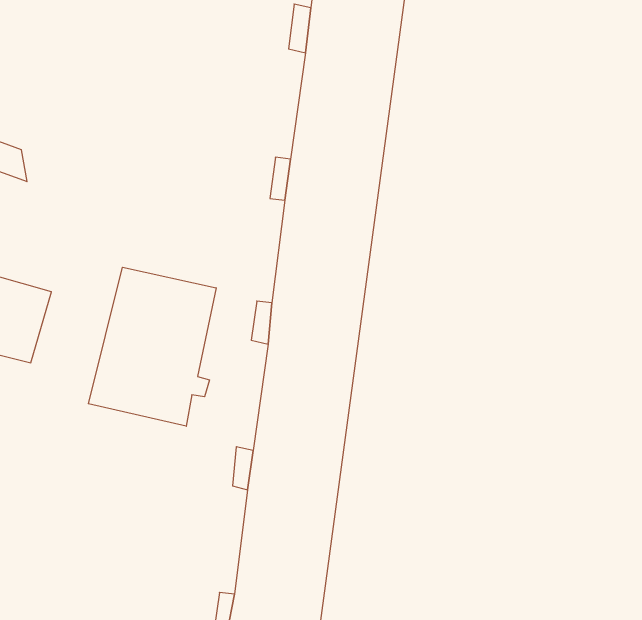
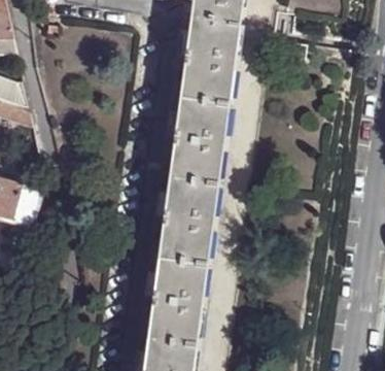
building: [88,267,216,426] -> none

